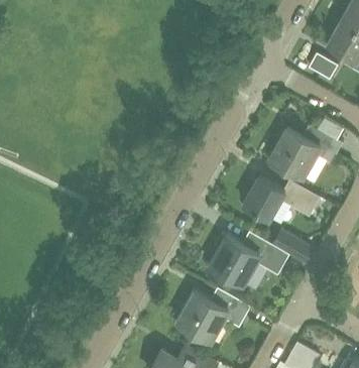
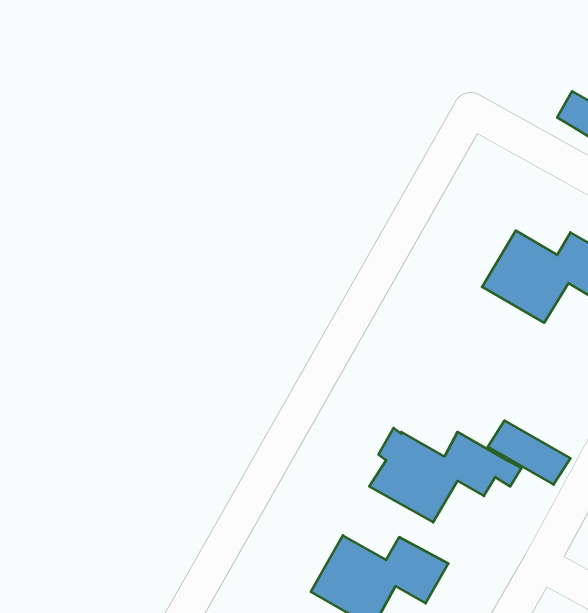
building: [243,175,319,219] -> none

